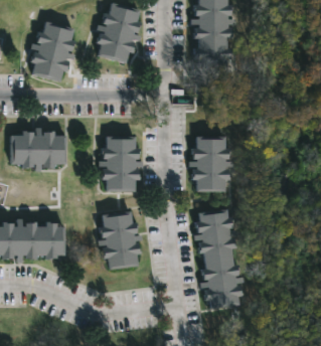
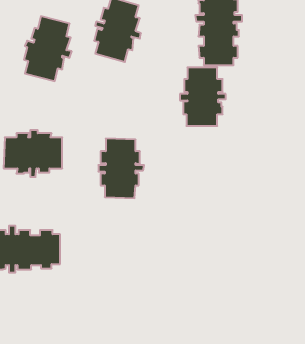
building: [189,136,232,191] -> [180,67,226,126]
building: [195,209,246,309] -> none
building: [99,211,144,270] -> none

